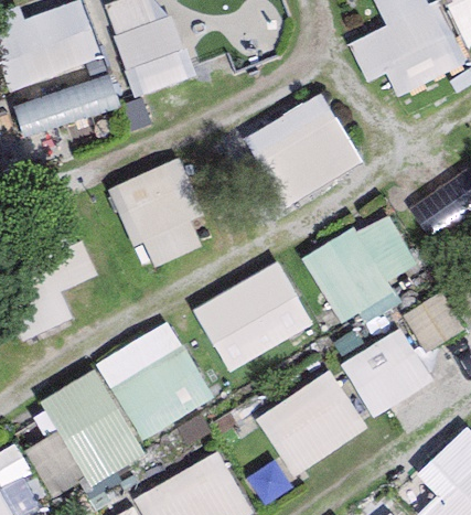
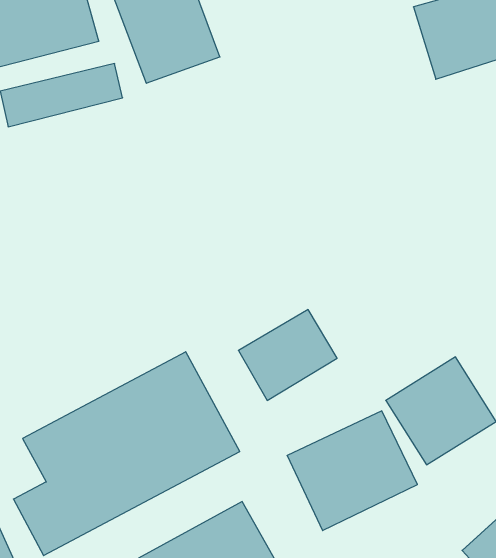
building: [244,90,363,206] -> none
building: [110,160,214,271] -> none
building: [304,211,421,318] -> none

